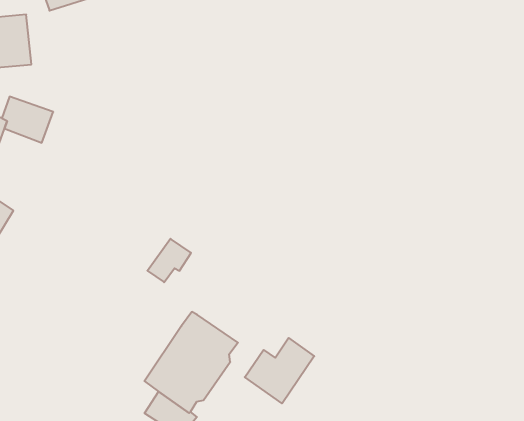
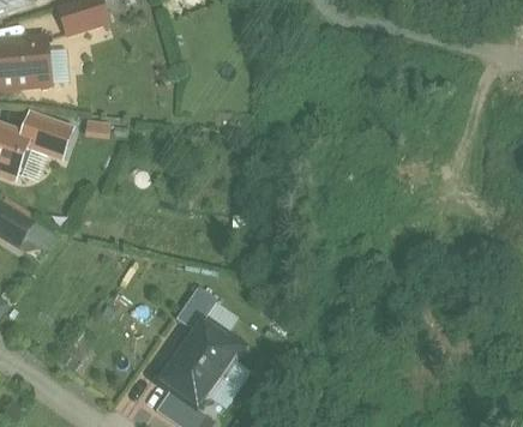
building: [147,239,191,282] -> [175,288,216,329]
building: [245,338,314,403] -> none

